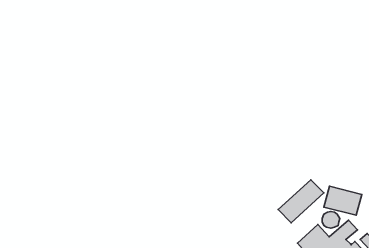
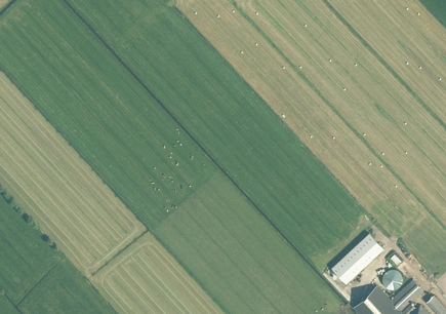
building: [324,186,362,215] -> none

